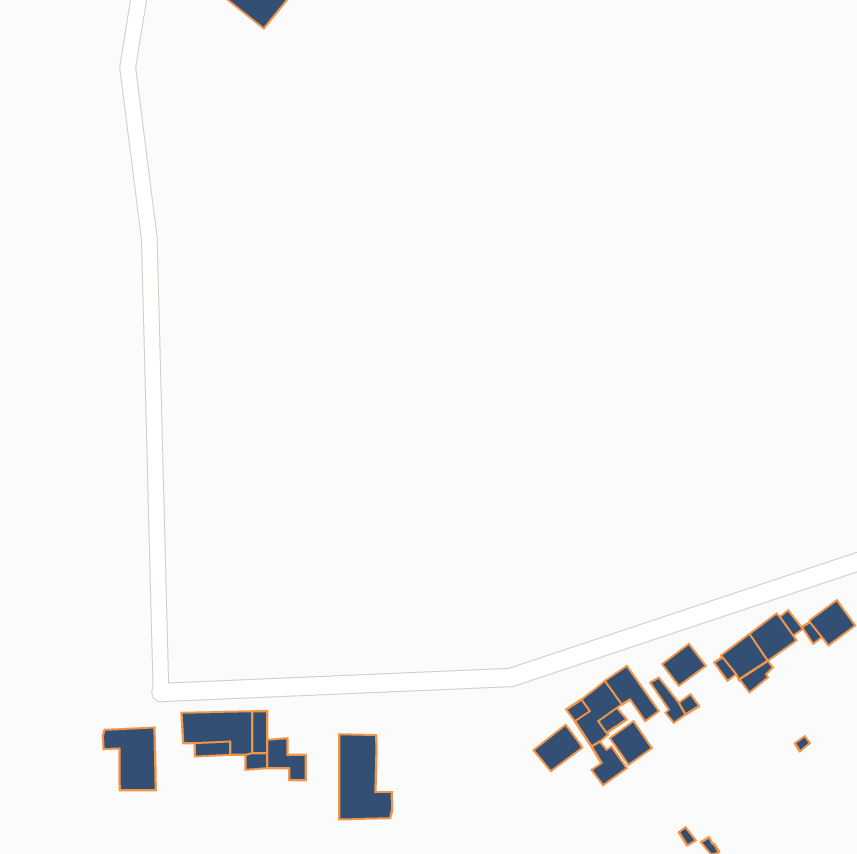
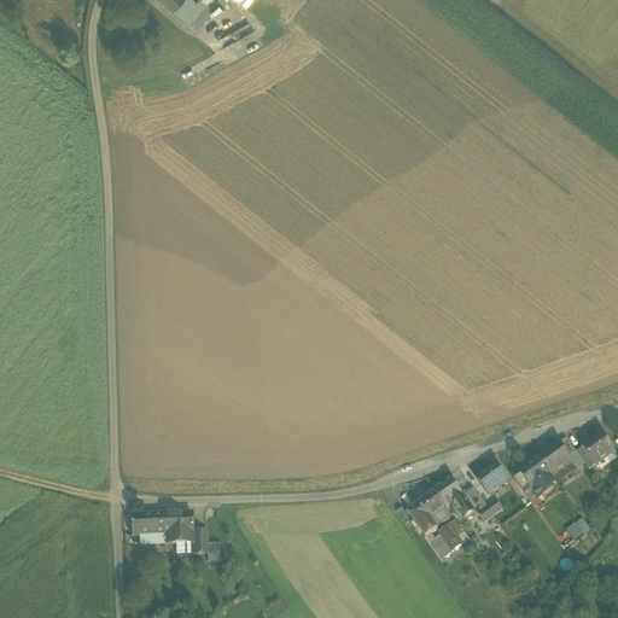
building: [533,725,582,771] -> none
building: [103,728,156,790] -> none
building: [339,734,392,819] -> none

